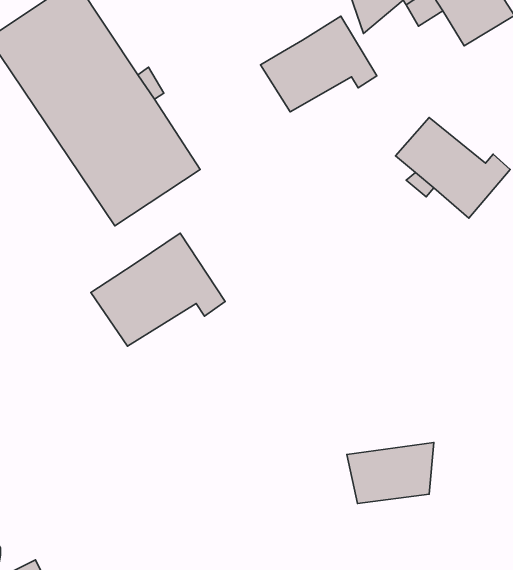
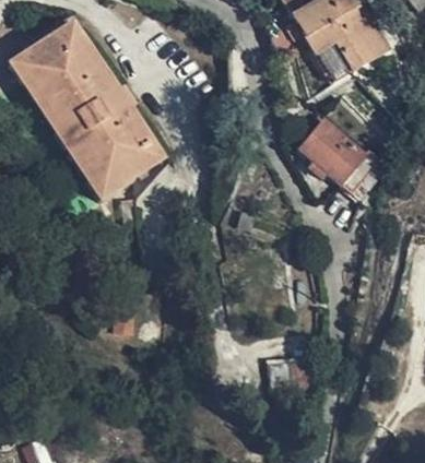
building: [261,16,377,112] -> none
building: [91,233,225,346] -> none

